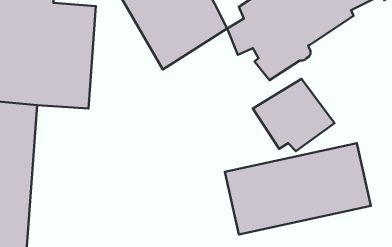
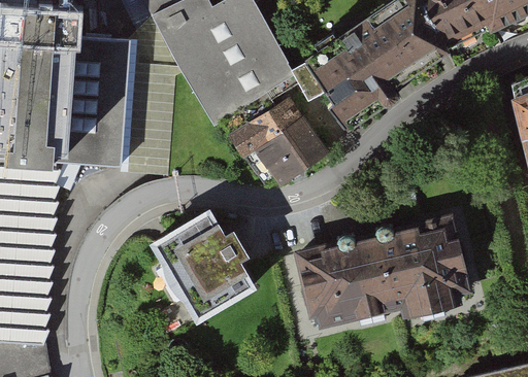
building: [253,79,335,151] -> [229,98,331,188]
building: none -> [150,211,258,327]

